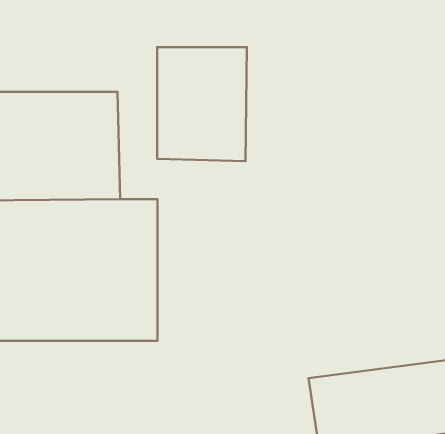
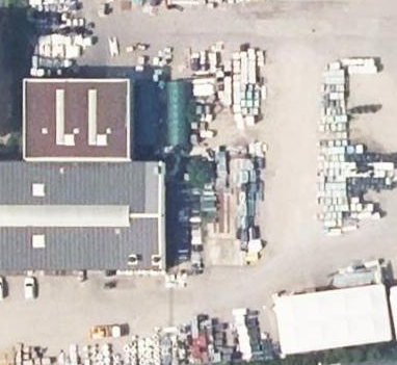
building: [157,47,247,161] -> none

